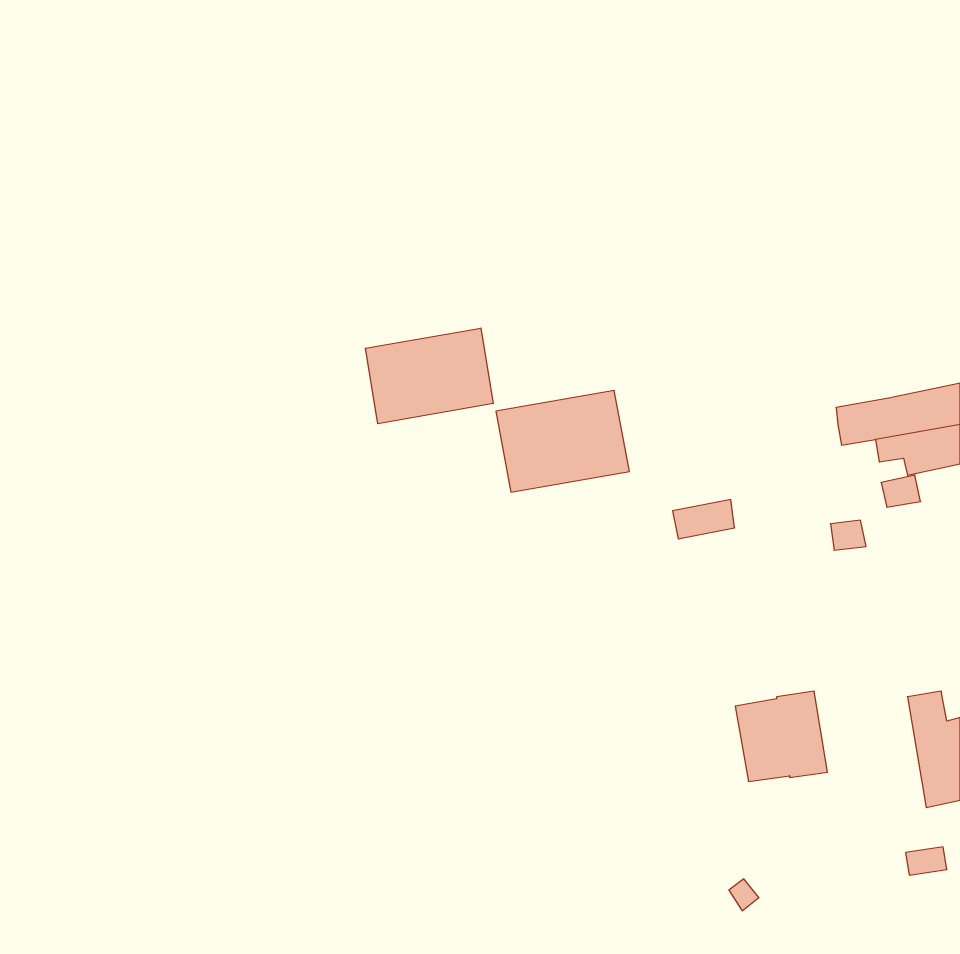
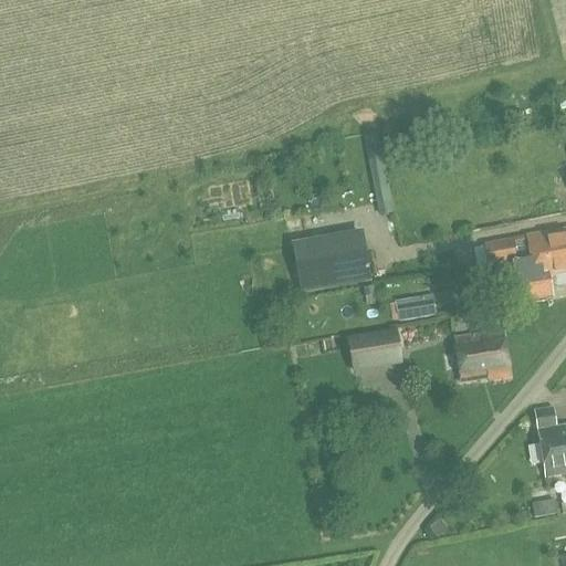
building: [366,328,493,424] -> none
building: none -> [350,329,400,367]
building: [735,691,827,781] -> [455,328,510,381]

